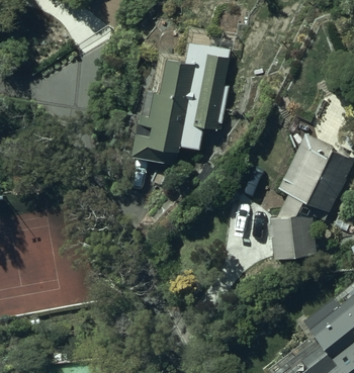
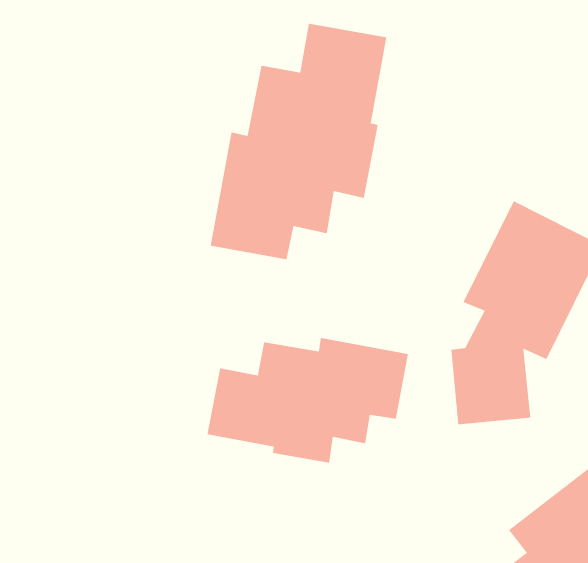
building: none -> [207,337,409,464]

